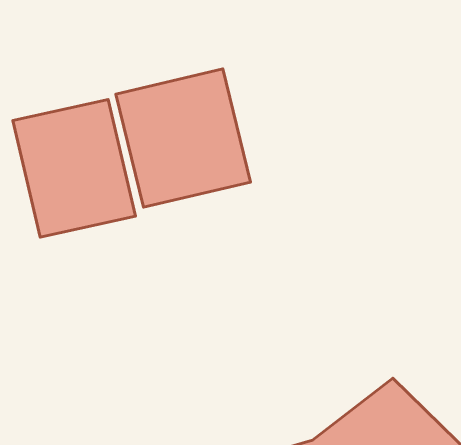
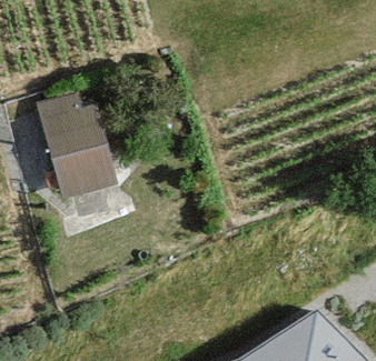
building: [116,69,250,207] -> none

